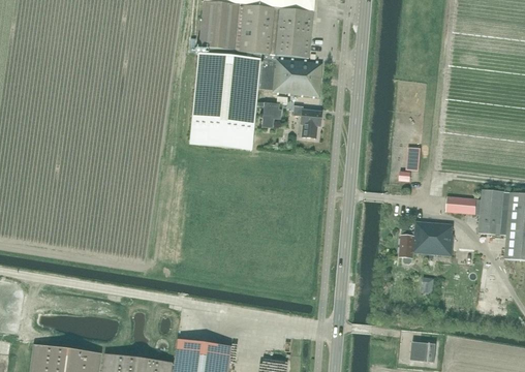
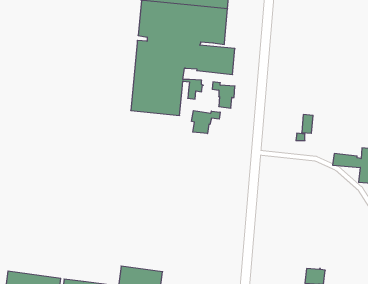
building: none -> [192,111,220,134]
building: [399,220,453,262] -> none

